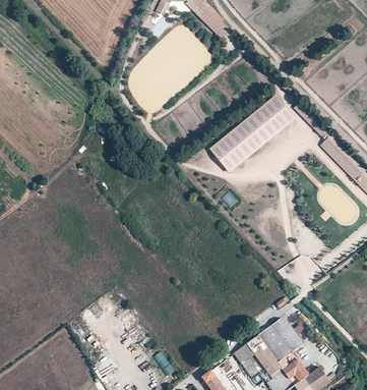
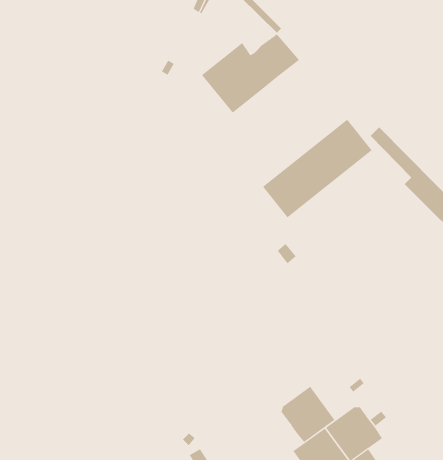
building: none -> [201,34,300,114]
building: none -> [281,386,335,443]

